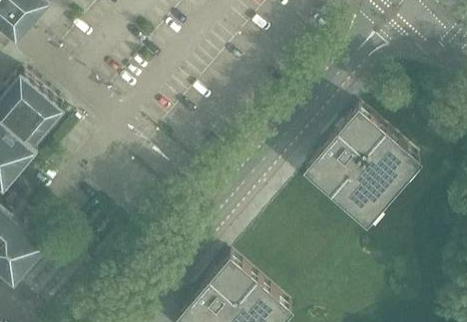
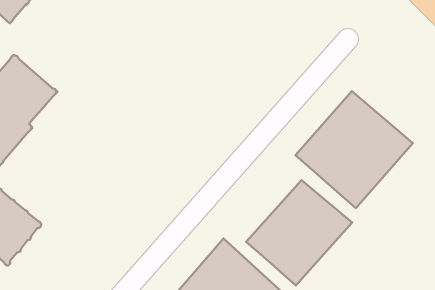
building: none -> [246,180,352,285]

